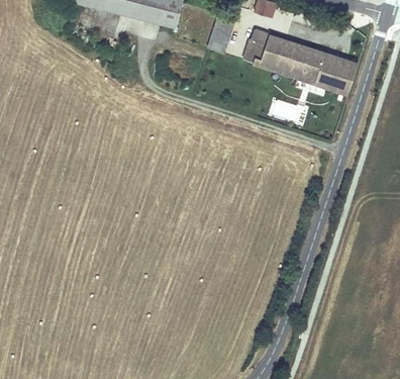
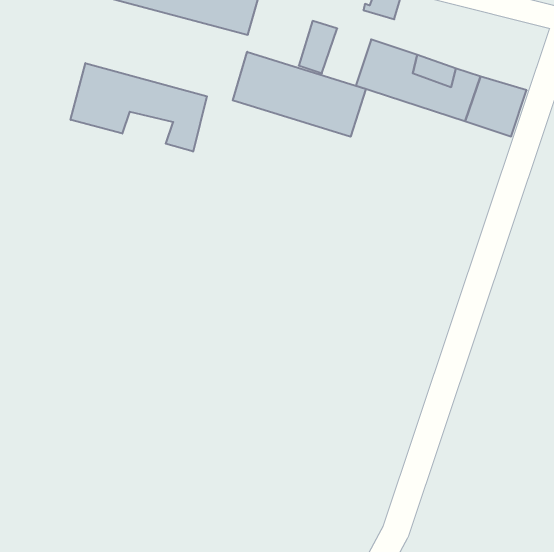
building: none -> [233,52,366,137]
building: none -> [71,63,207,152]

